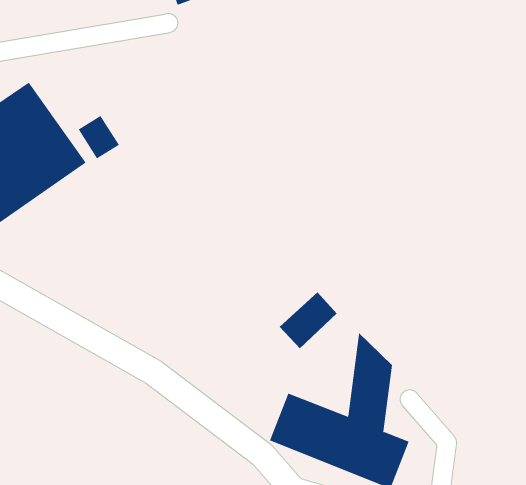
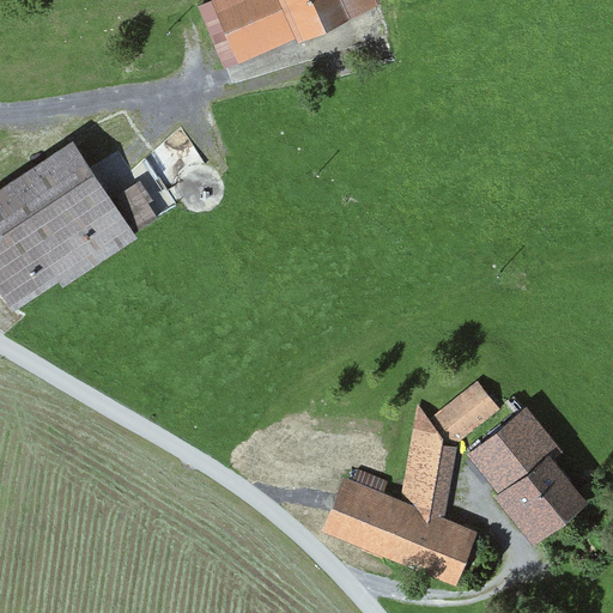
building: [279,292,337,349] -> [437,382,500,444]
building: none -> [466,405,579,540]

